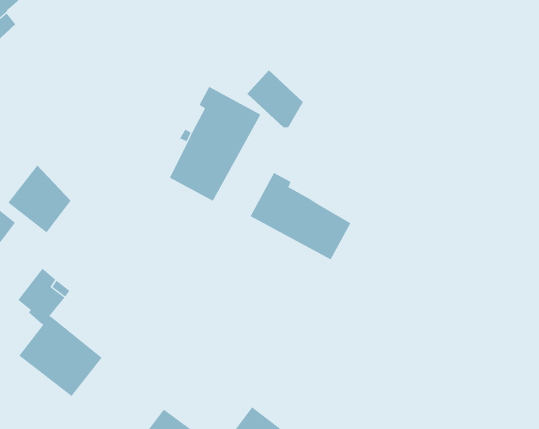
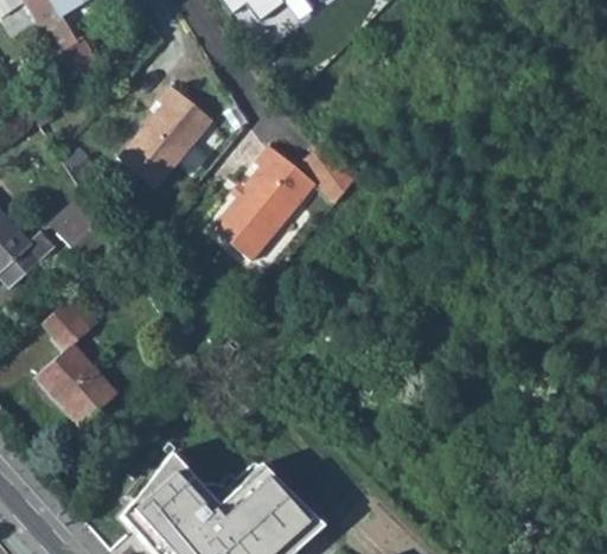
building: none -> [121,85,216,189]
building: [250,172,351,260] -> none

